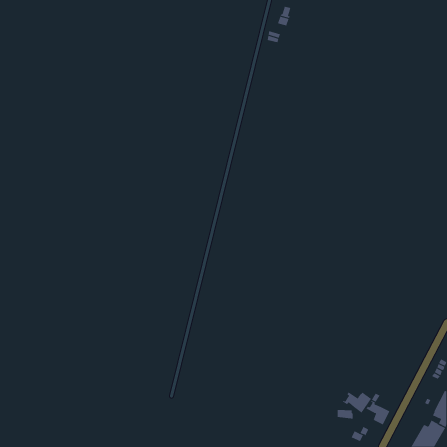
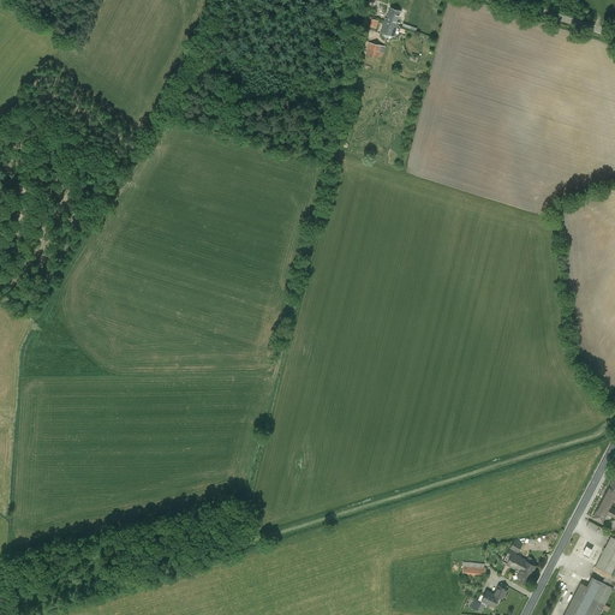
building: [342,391,372,413] -> none

